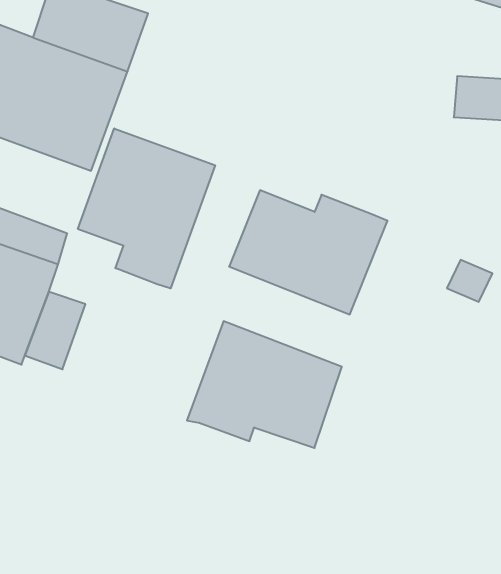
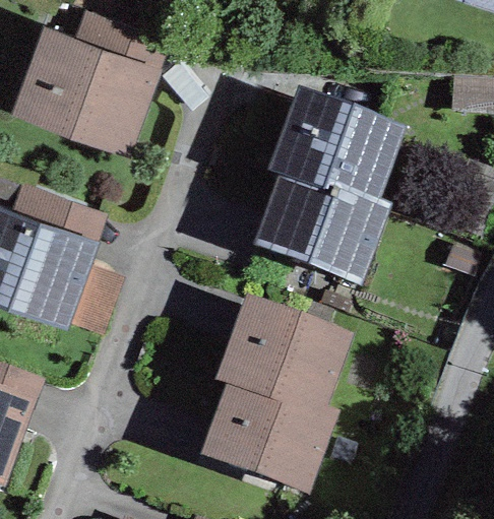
building: none -> [265,83,404,195]
building: [78,128,215,288] -> none
building: none -> [199,381,337,494]

